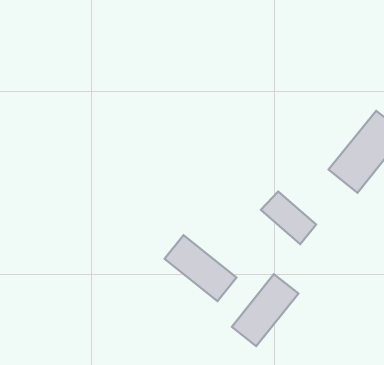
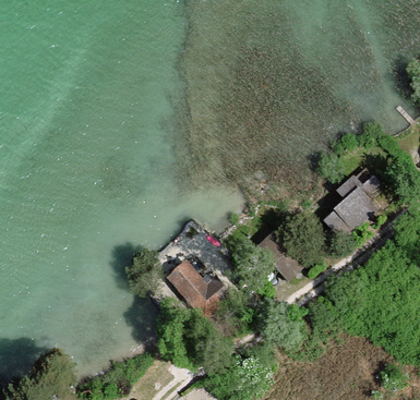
building: [232,274,298,346] -> none

